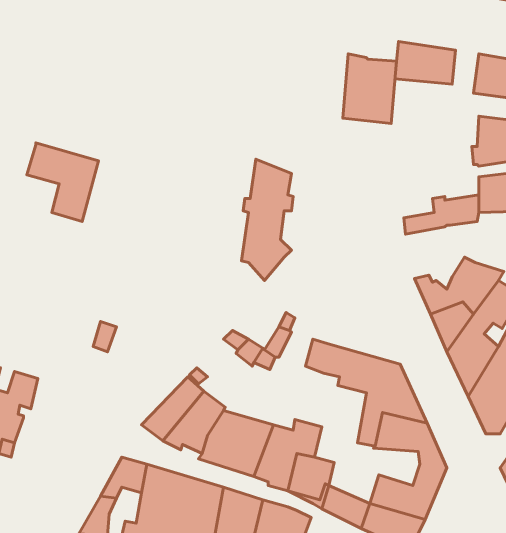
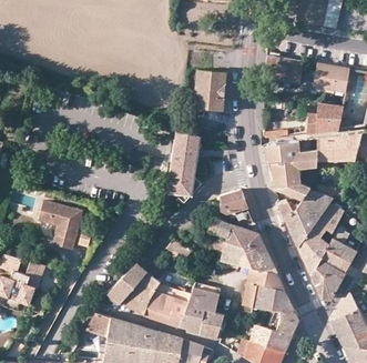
building: [343,54,396,124] -> [194,67,227,110]
building: [27,143,98,221] -> [38,199,82,248]
building: none -> [267,142,296,164]
building: none -> [272,169,309,201]
building: none -> [220,189,254,225]
building: none -> [208,218,268,255]

